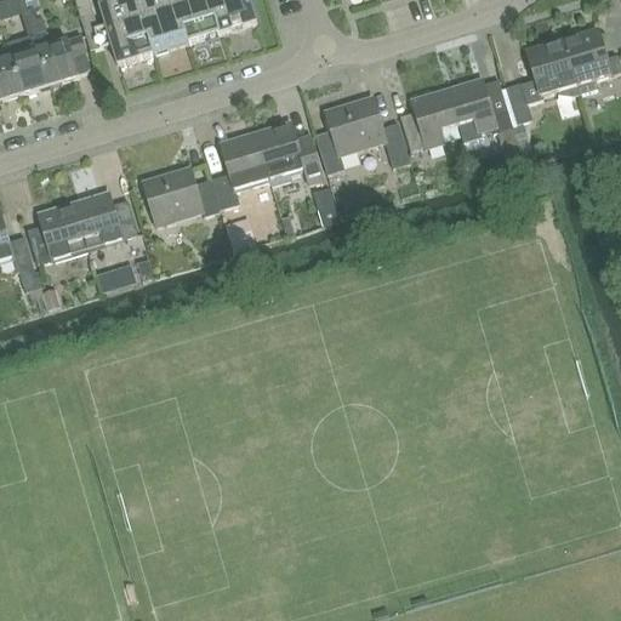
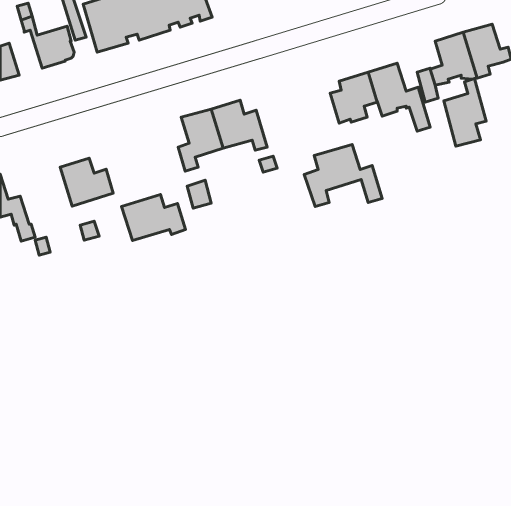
building: [11,36,51,91] -> none
building: none -> [444,79,486,146]
building: [314,97,409,172] -> [304,145,382,207]
building: [143,169,221,224] -> [122,195,186,241]
building: [28,203,87,264] -> none

